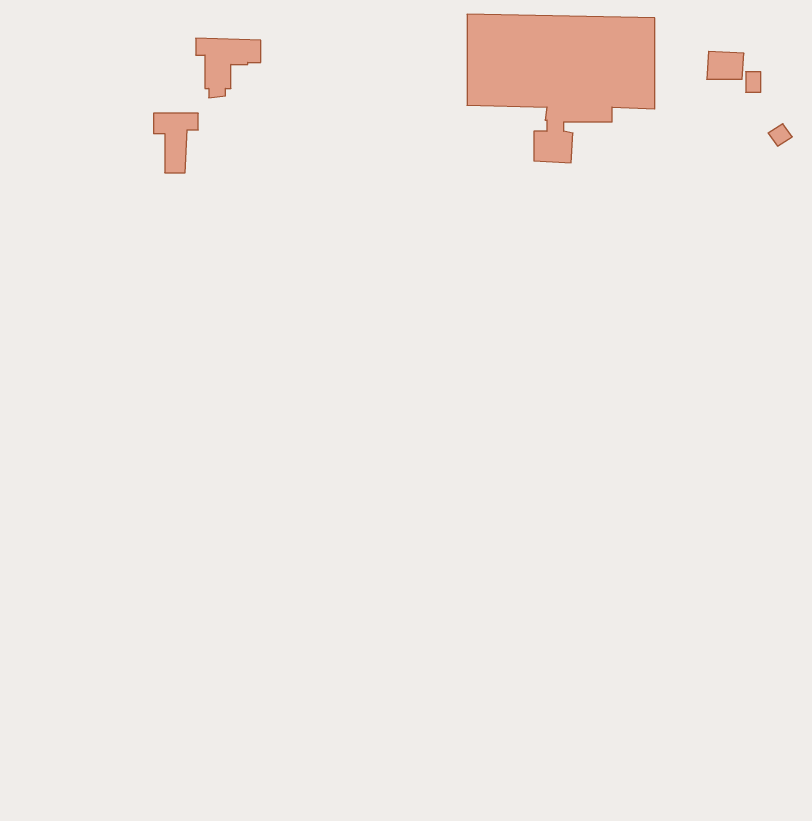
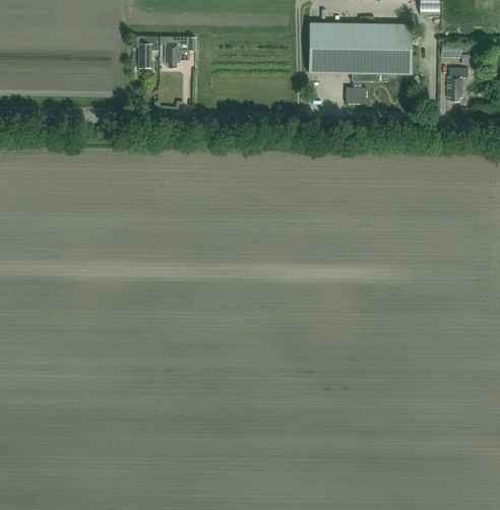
building: none -> [447,67,468,101]
building: [154,113,198,173] -> [133,36,158,68]

